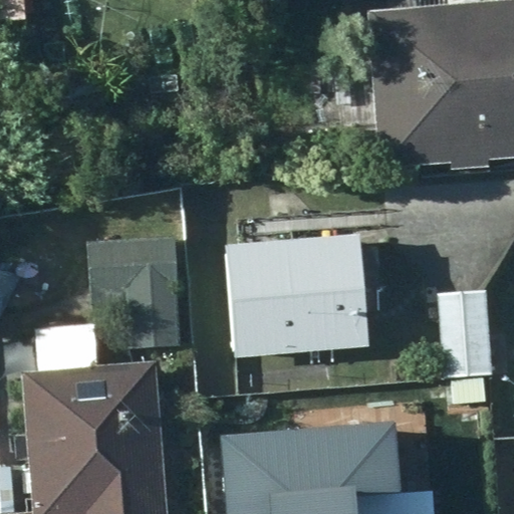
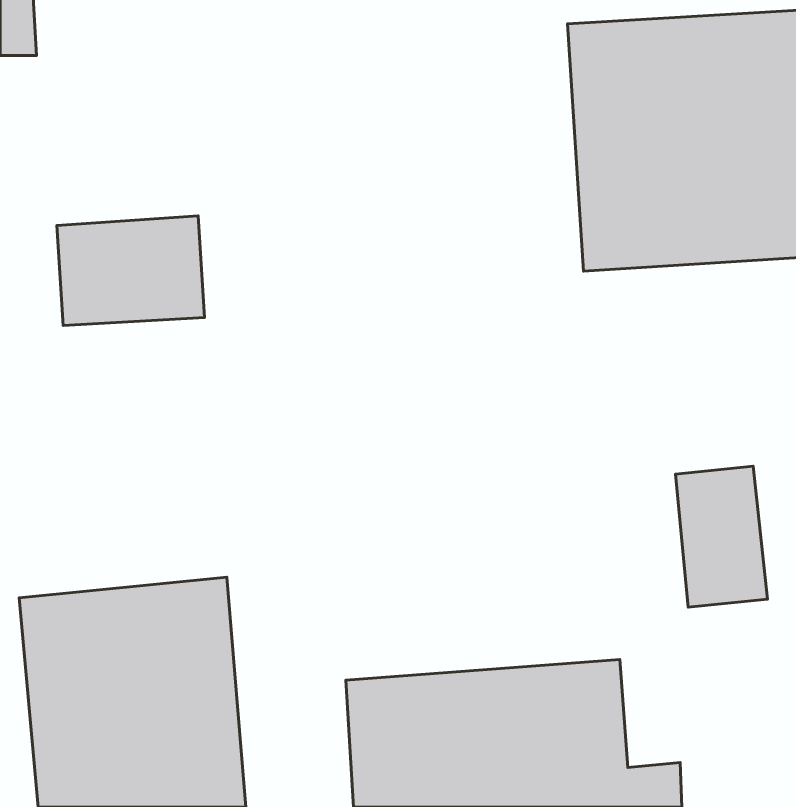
building: [85,237,179,306] -> [57,216,204,325]
building: [228,239,367,358] -> none

